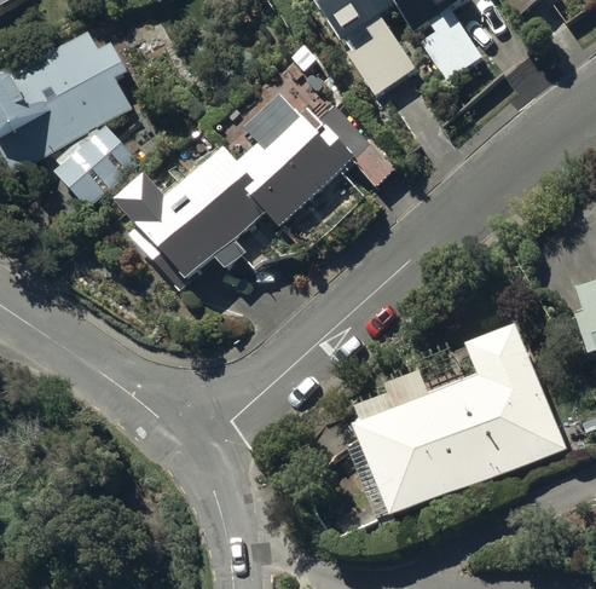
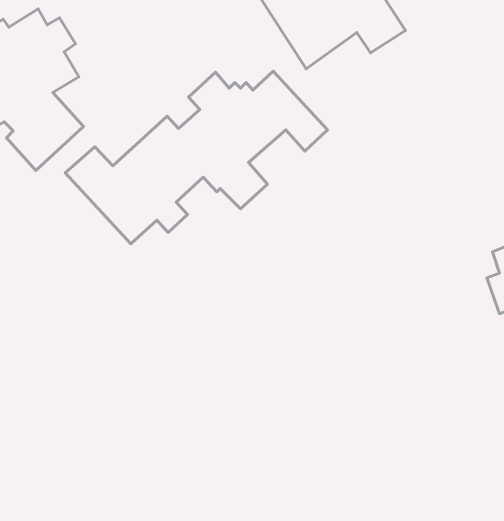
building: [354,324,563,520] -> none

